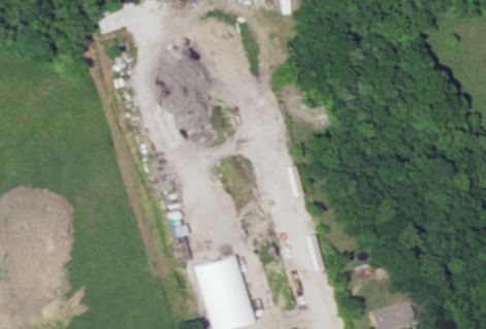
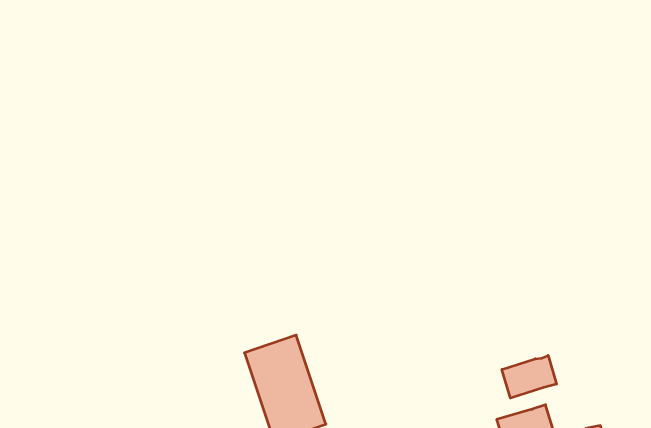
building: none -> [502,355,557,398]

